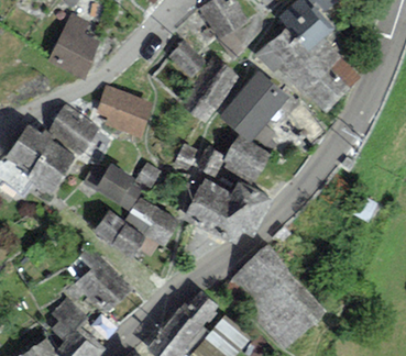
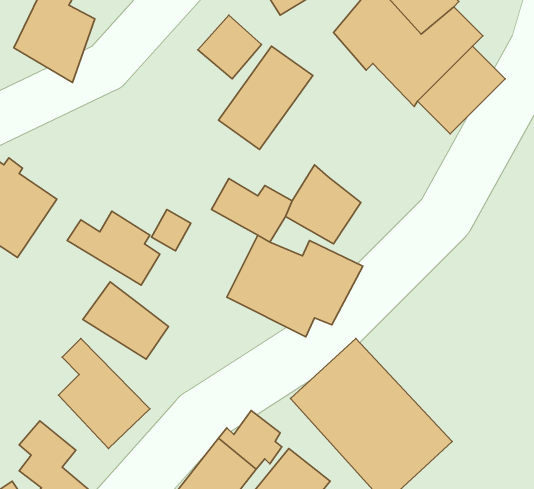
building: [218,71,288,142] -> none
building: [95,85,153,136] -> none
building: [47,104,99,155] -> none
building: [123,198,177,247] -> none

